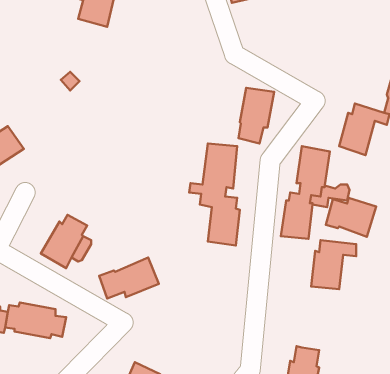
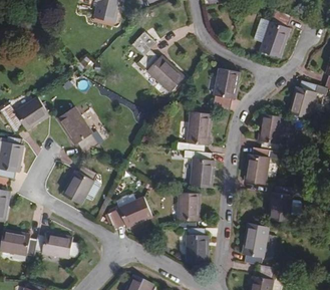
building: none -> [253,10,290,58]
building: none -> [129,32,184,91]
building: none -> [60,106,100,154]
building: [326,198,376,237] -> none
building: none -> [178,193,209,263]
building: none -> [243,222,270,265]

